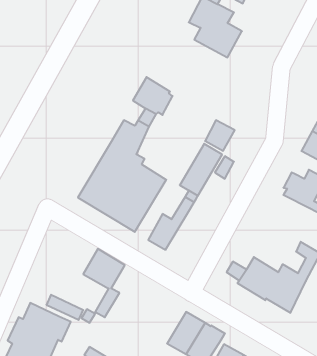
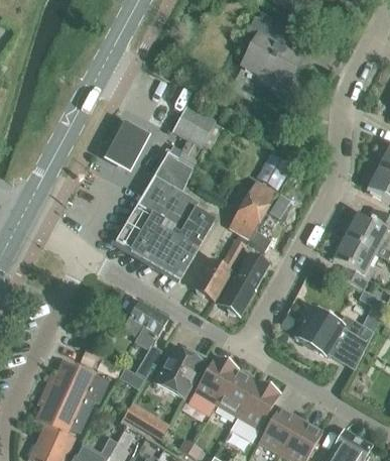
building: none -> [104,123,149,175]
building: none -> [331,237,376,289]
building: none -> [220,252,270,315]
building: none -> [154,345,207,398]
building: none -> [194,354,237,404]

